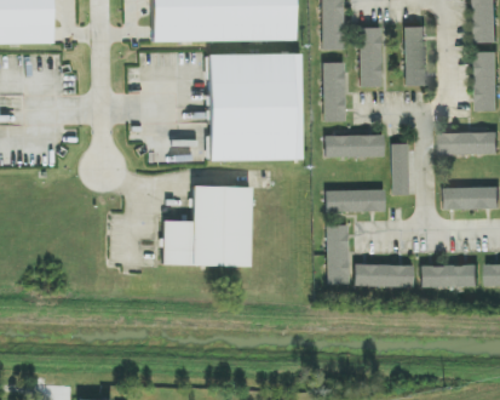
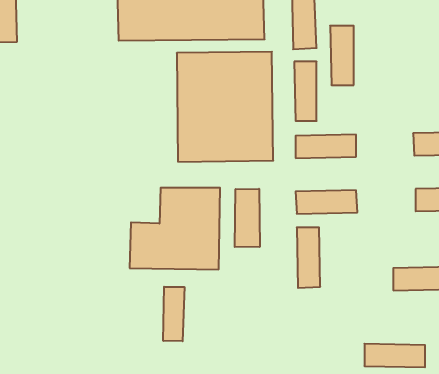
building: [403,27,426,86] -> none
building: [391,143,409,195] -> none
building: none -> [235,189,260,247]
building: [354,264,413,287] -> [364,344,425,367]
building: none -> [163,287,184,341]

